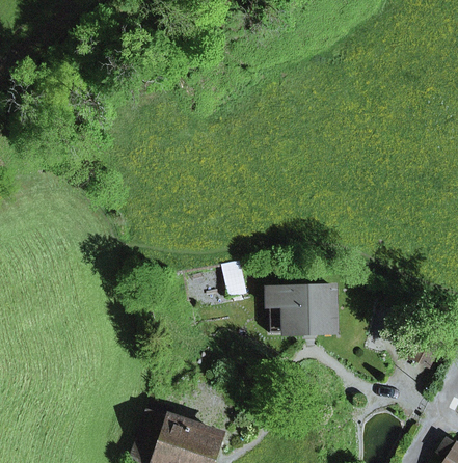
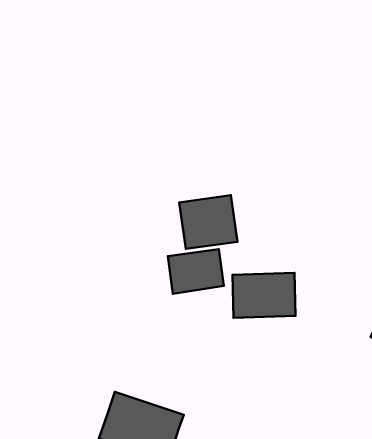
building: none -> [179,195,238,249]

